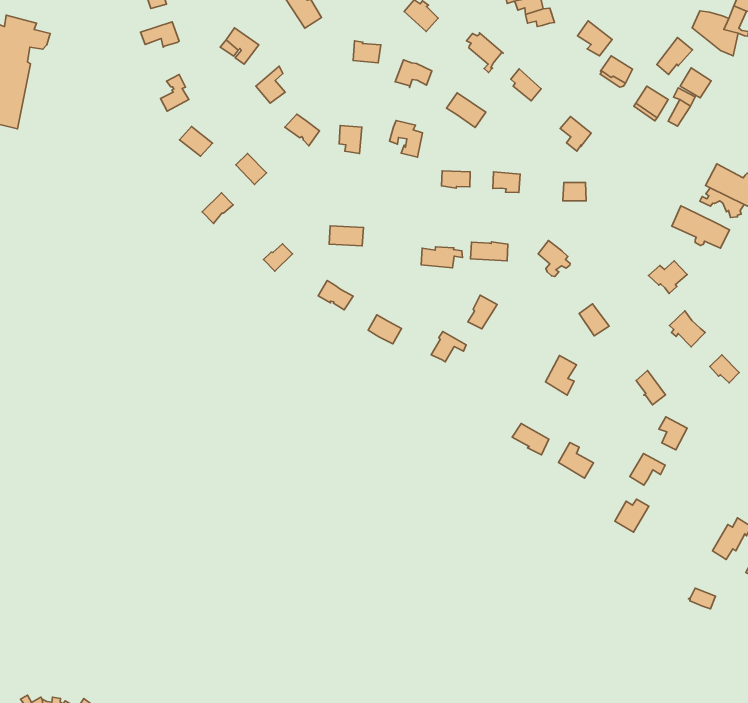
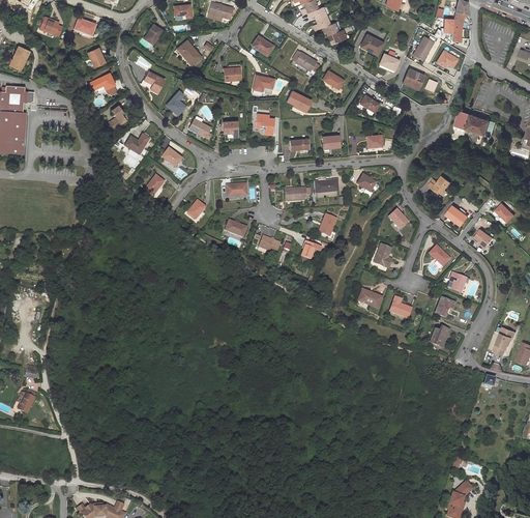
building: [672,206,730,248] -> none

